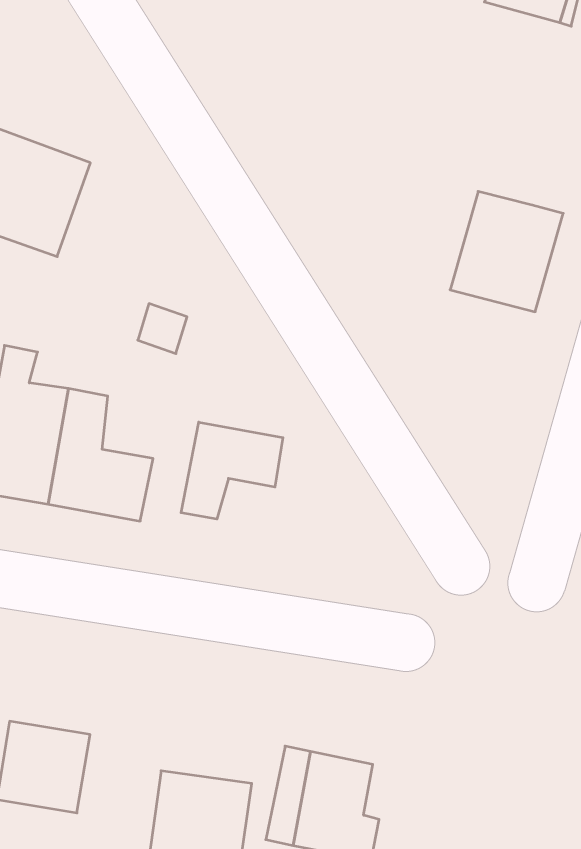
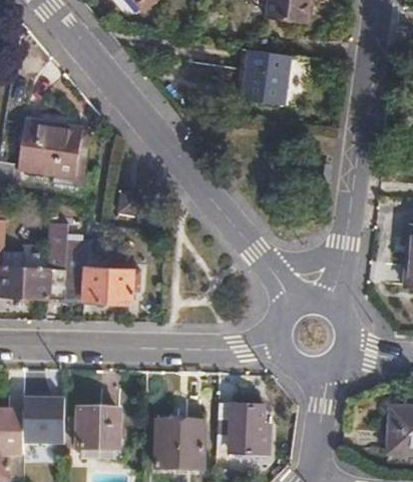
building: [450,191,563,312] -> [239,48,290,104]
building: [181,422,283,519] -> none

